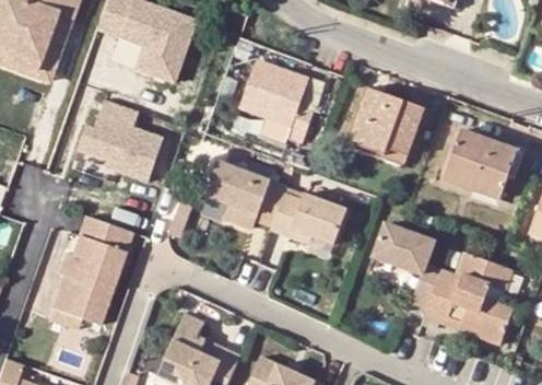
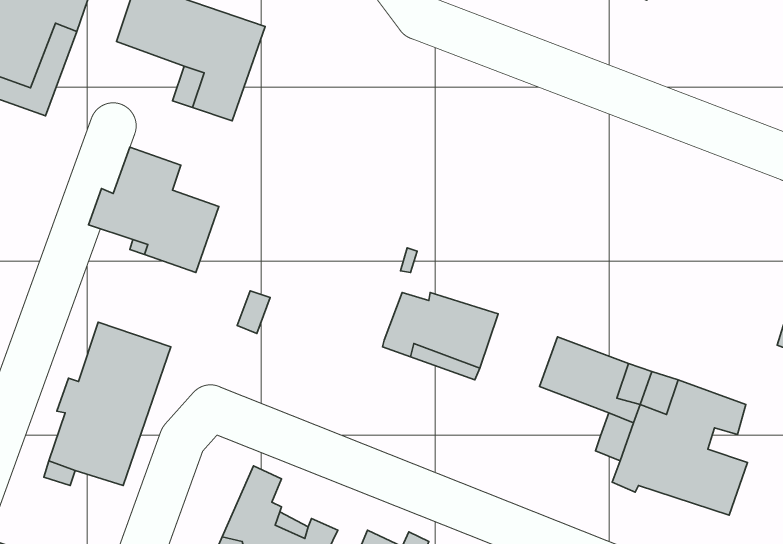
building: [243,58,315,141] -> none
building: [350,86,425,155] -> none
building: [446,128,519,197] -> none
building: [208,165,287,230] -> none

